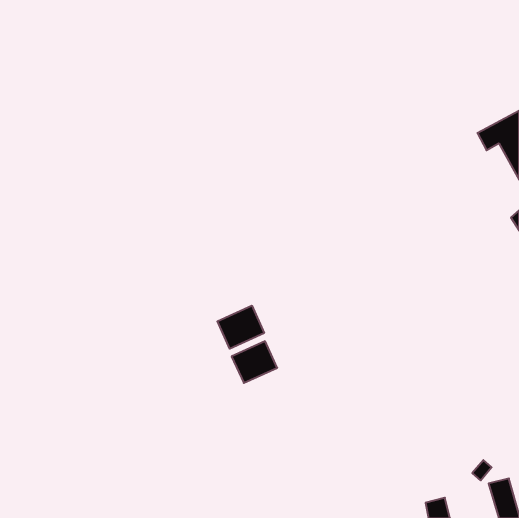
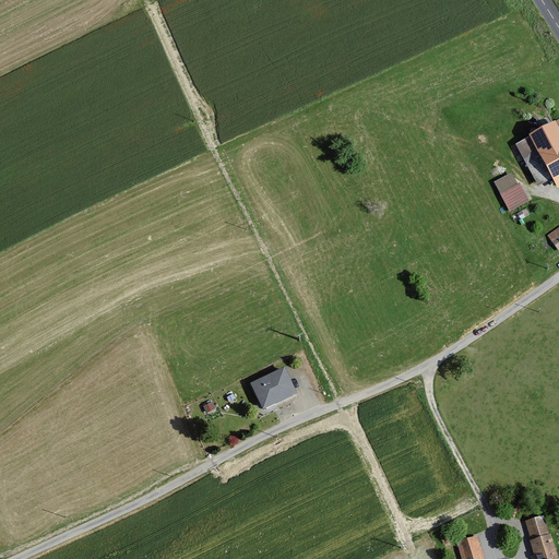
building: none -> [500,185,528,212]
building: [217,306,264,349] -> none

